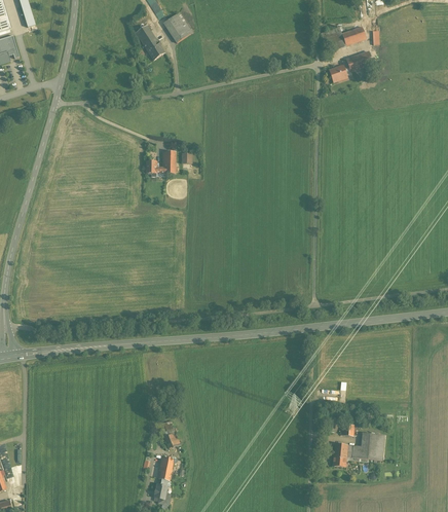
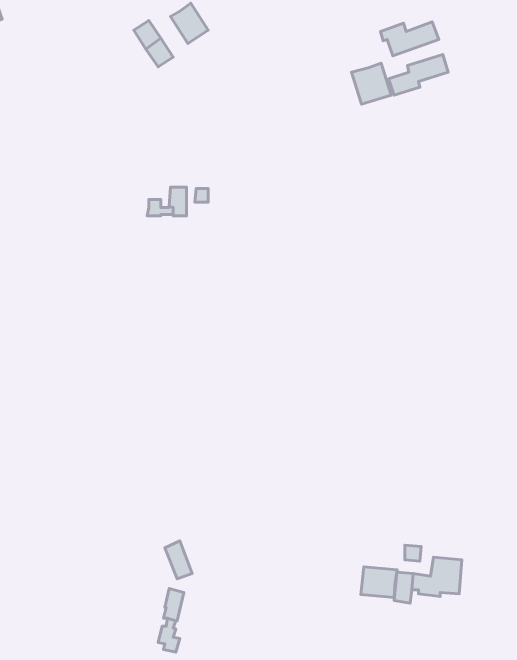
building: none -> [352,63,391,104]
building: none -> [361,567,397,598]

